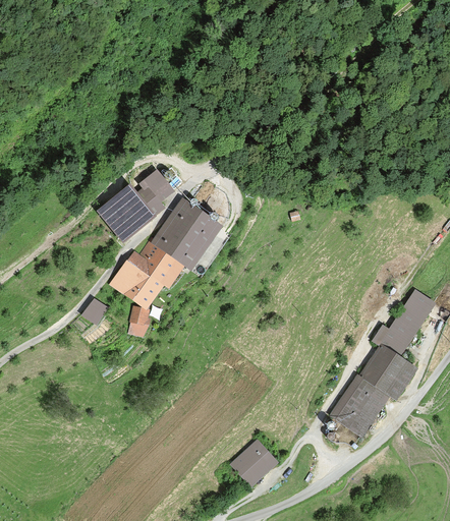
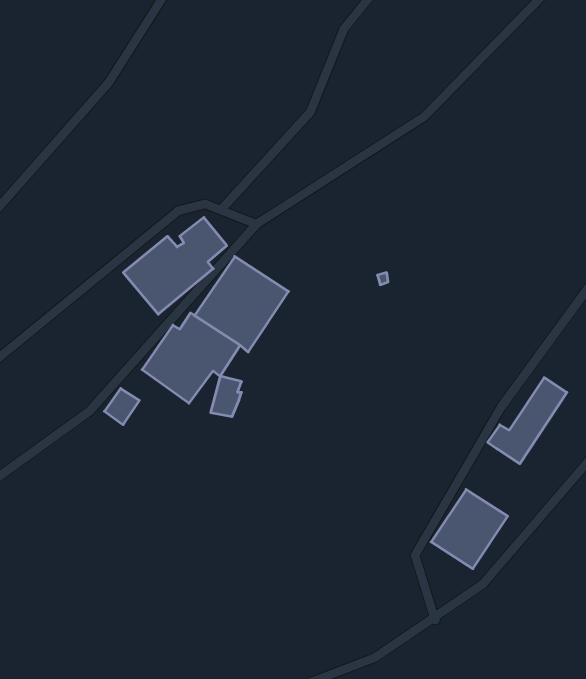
building: [127,306,151,337] -> [211,376,242,417]
building: [359,344,414,398] -> none
building: [229,441,276,486] -> none

